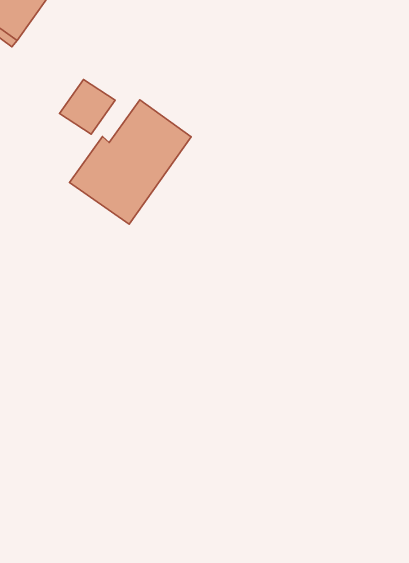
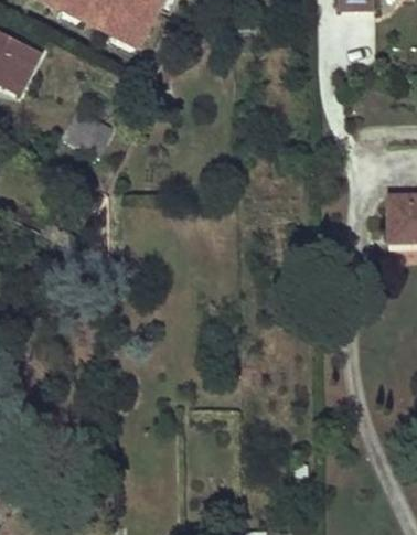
building: [69,100,191,224] -> none

